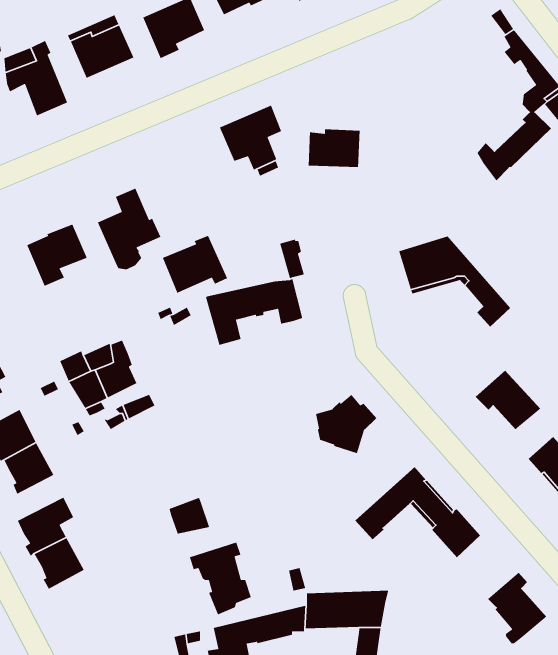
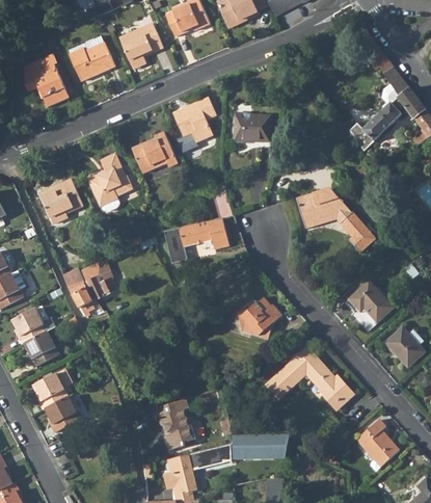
building: [162,235,228,294] -> [132,133,178,174]
building: [168,497,210,534] -> none

